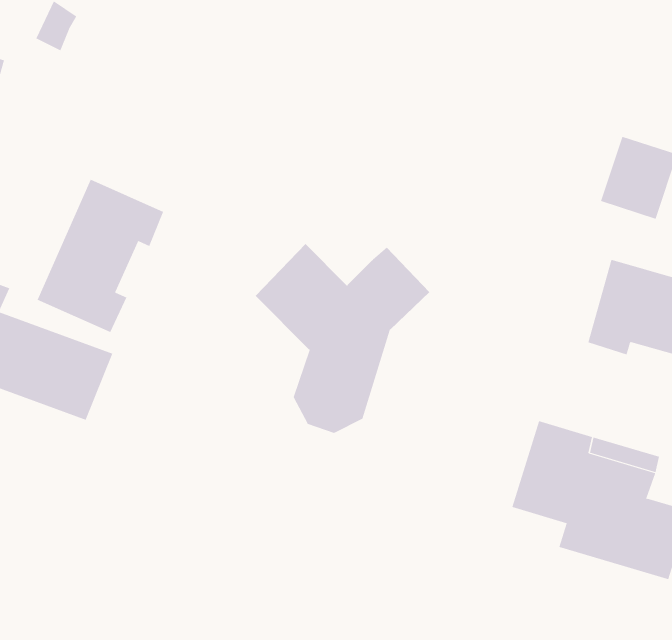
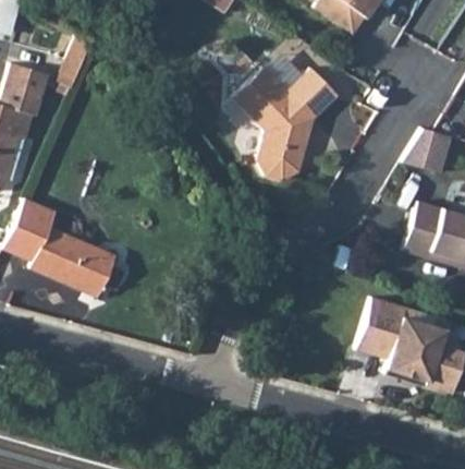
building: [37,179,164,333] -> none
building: [255,243,430,433] -> [233,64,339,179]

